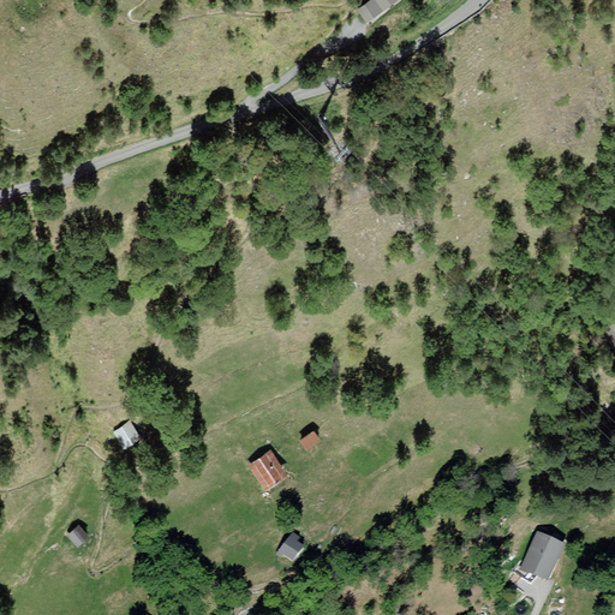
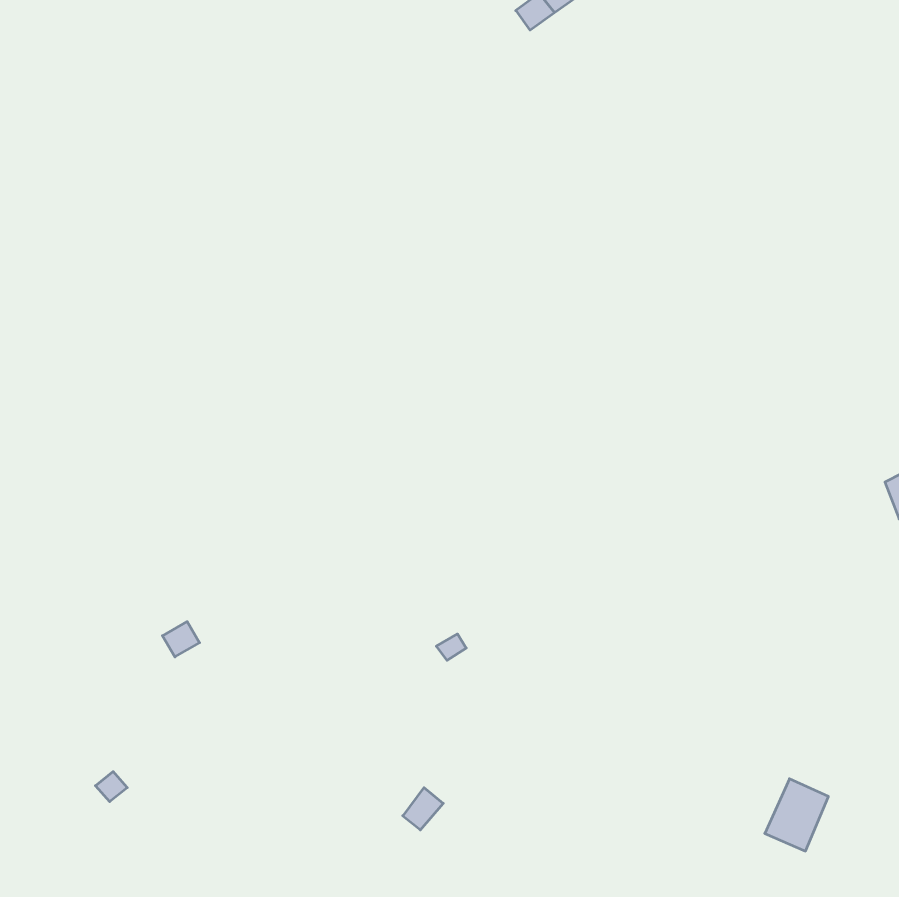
building: [247,450,287,490] -> none

